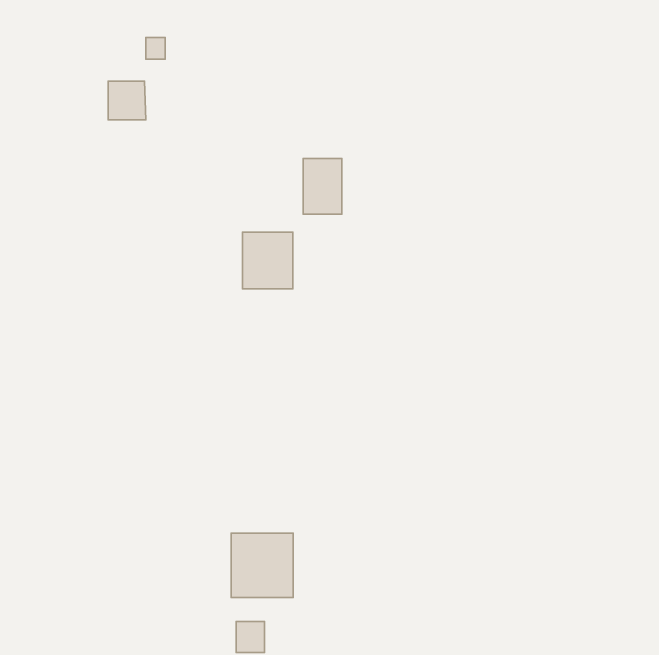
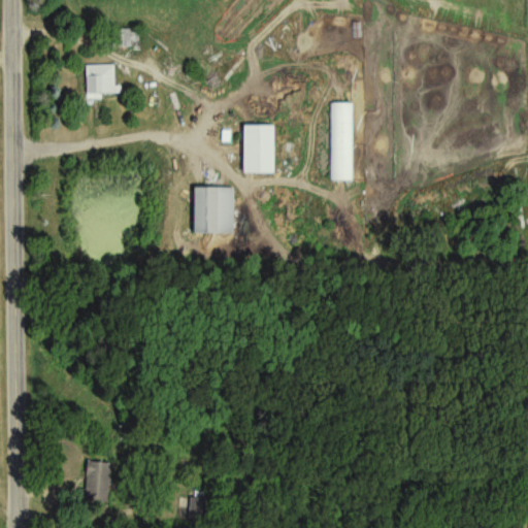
building: none -> [331,103,353,179]
building: [231,533,293,597] -> none
building: none -> [79,461,109,501]

